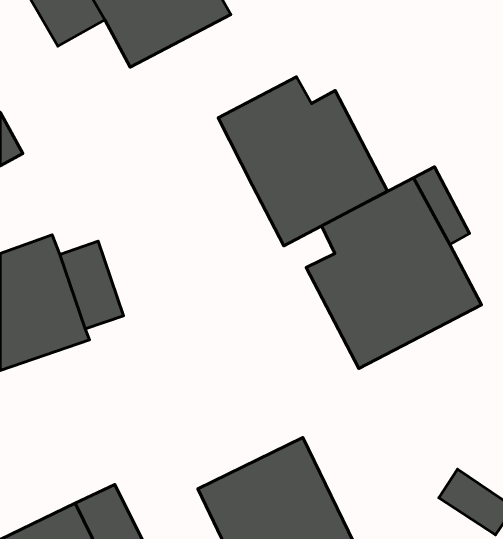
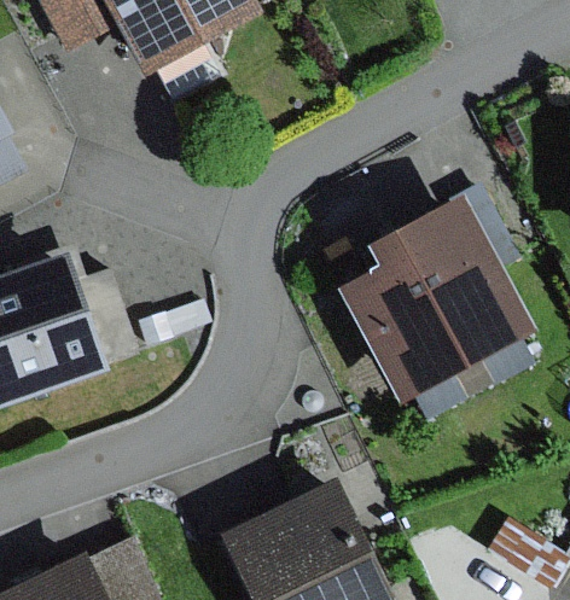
building: [218,77,388,246] -> none

